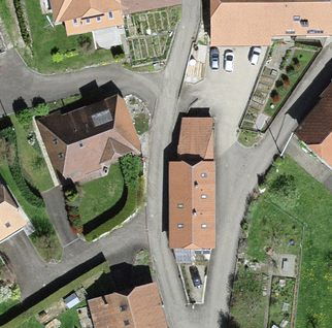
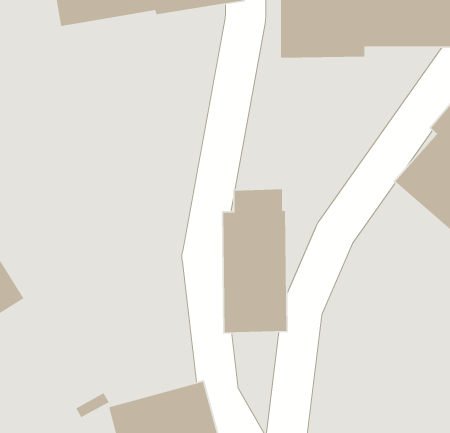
building: [35,90,139,184] -> none
building: [176,114,212,141] -> none

